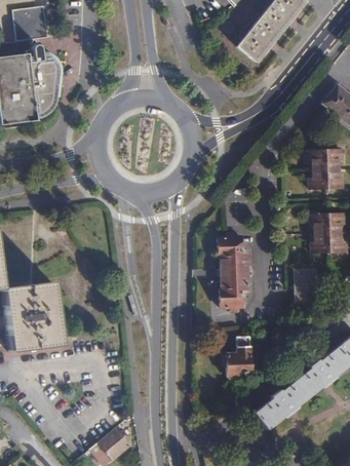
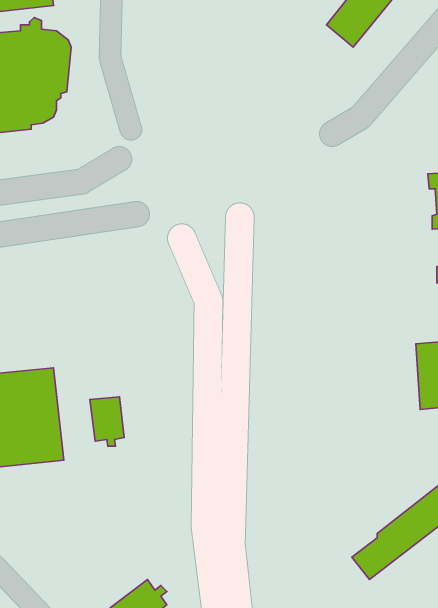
building: [218,231,252,310] -> none
building: none -> [90,397,124,446]
building: [222,336,250,379] -> none

